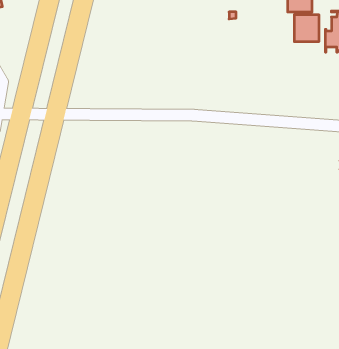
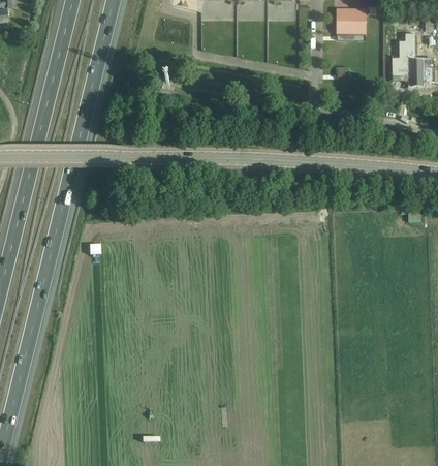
building: [294,15,319,42] -> none

